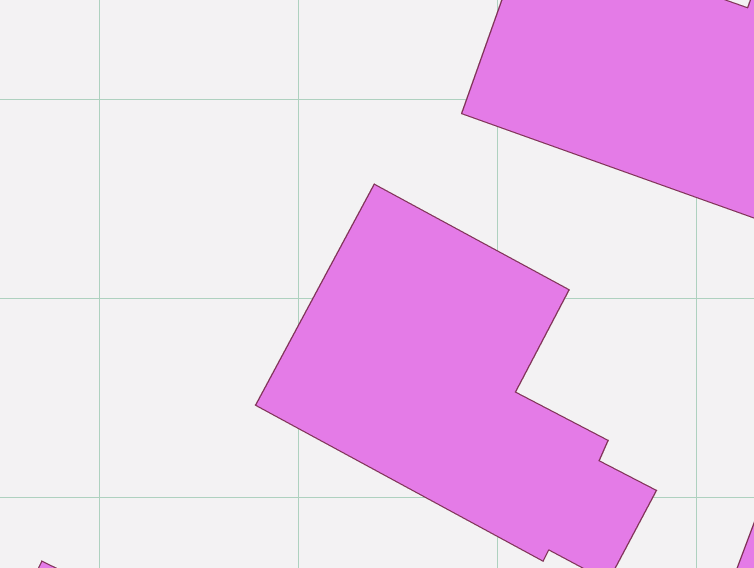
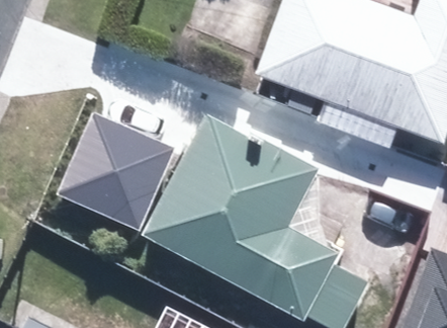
building: none -> [59,114,172,230]

